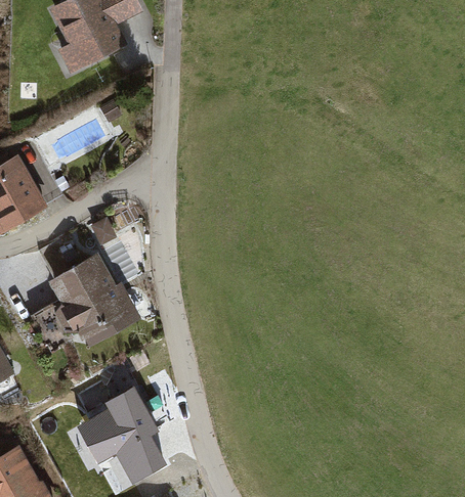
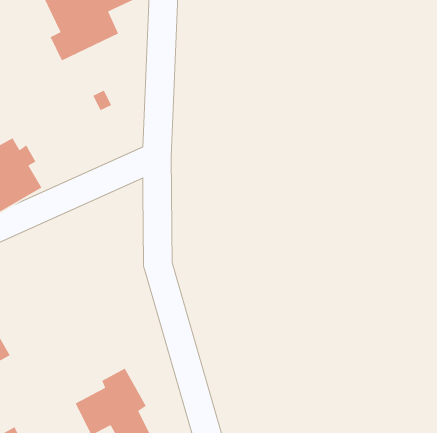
building: [46,256,140,352] -> none

